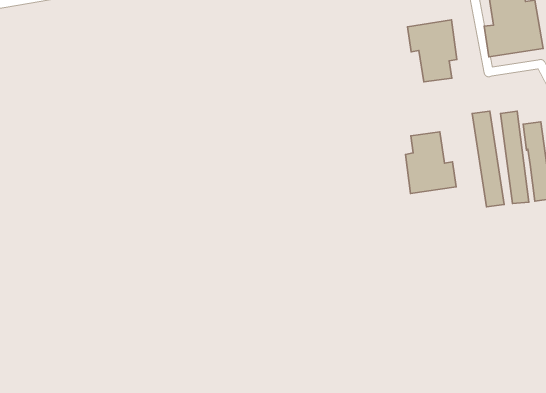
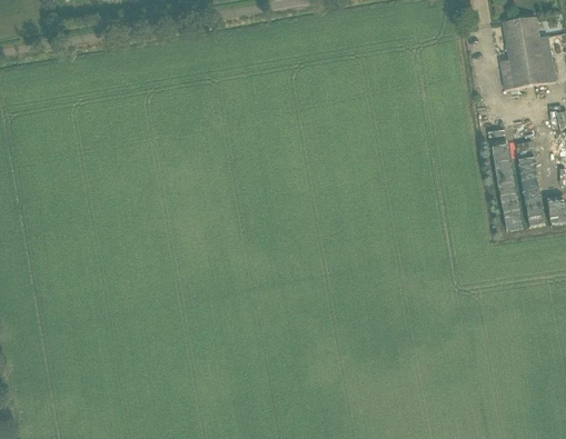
building: [407,20,457,82] -> none
building: [405,132,456,194] -> none

